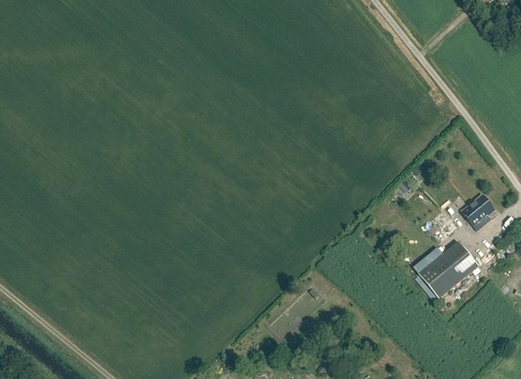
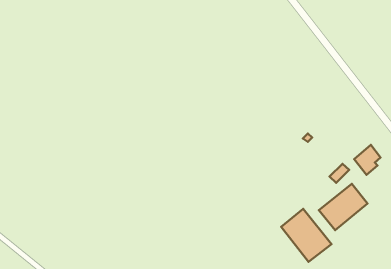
building: none -> [281,209,332,262]

